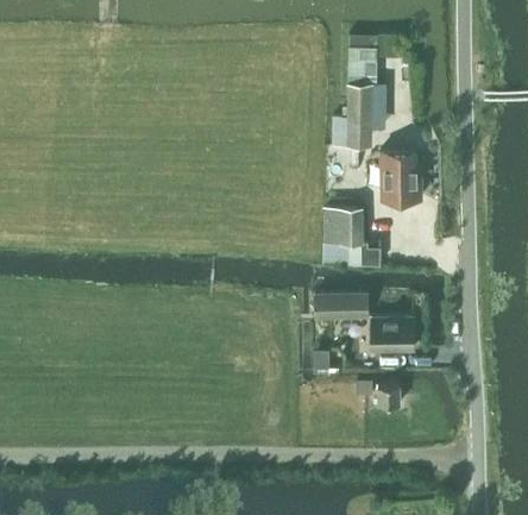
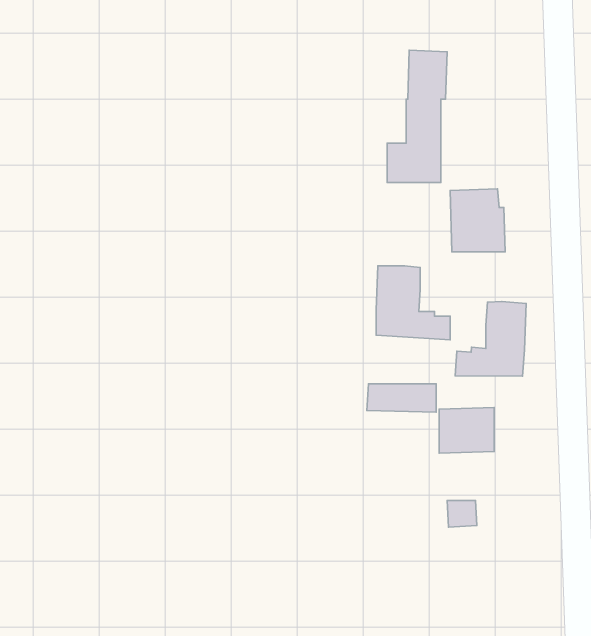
building: none -> [455,302,526,376]

